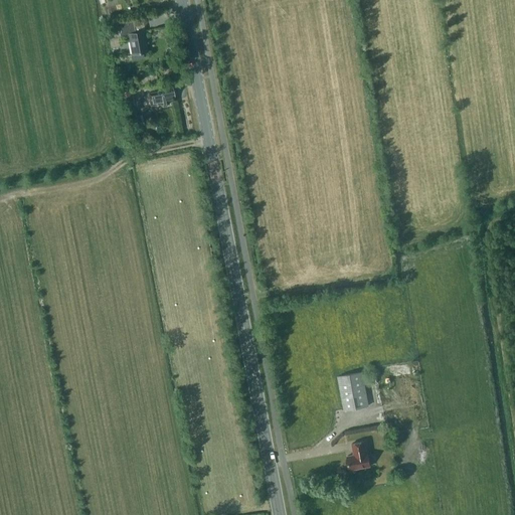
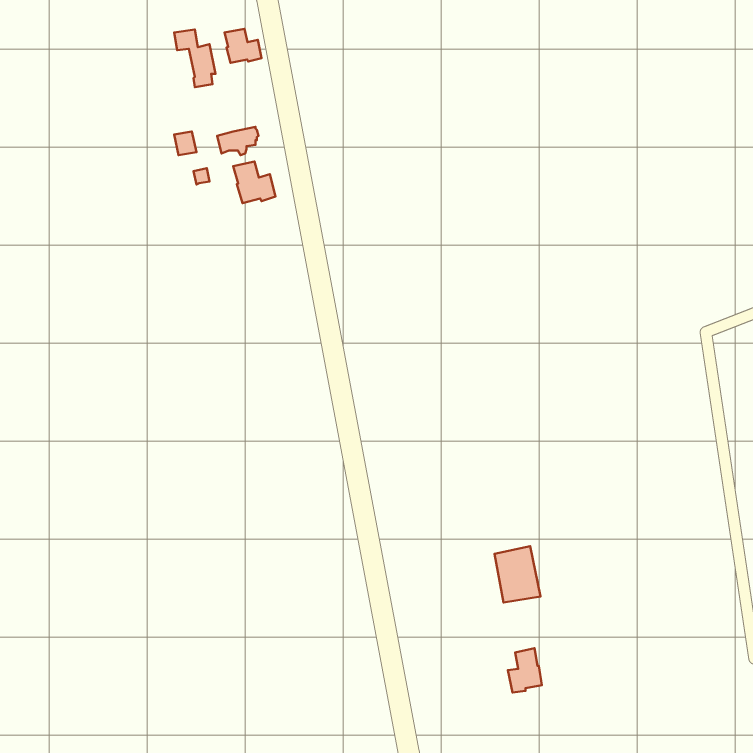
building: none -> [225,29,262,63]
building: none -> [233,161,275,203]

